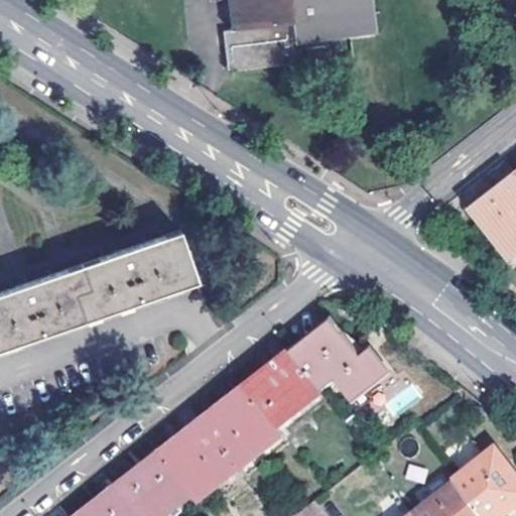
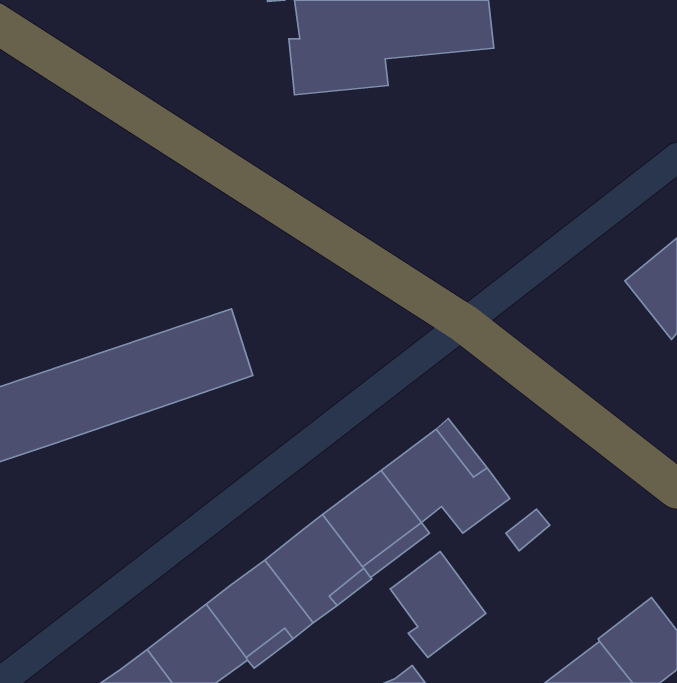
building: none -> [390,551,486,657]

